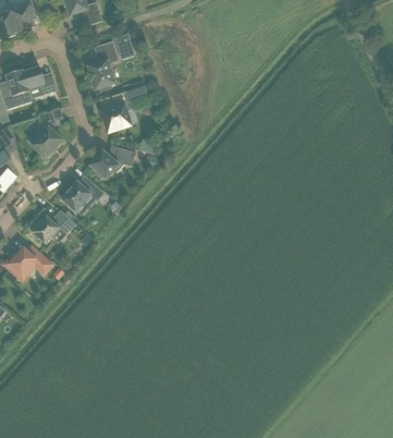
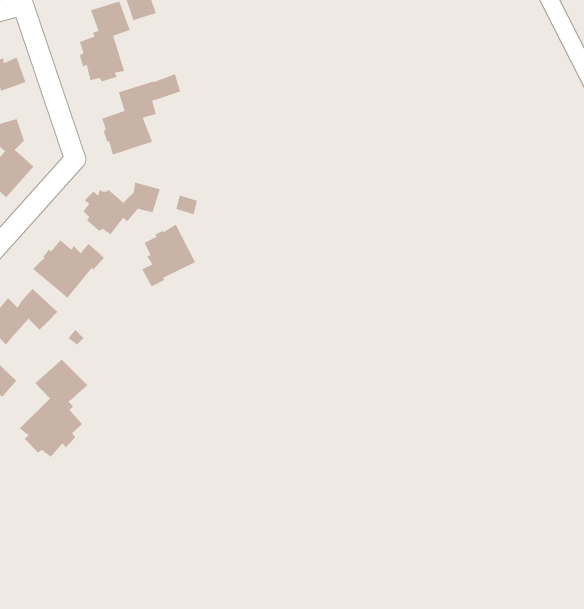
building: none -> [141,223,196,288]
building: none -> [19,359,88,458]

